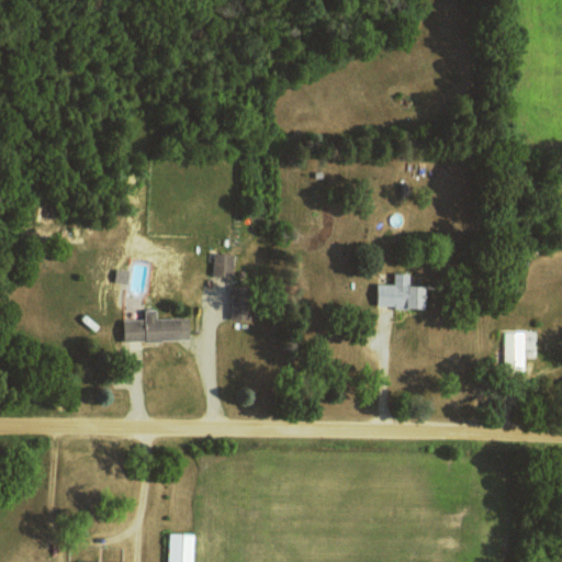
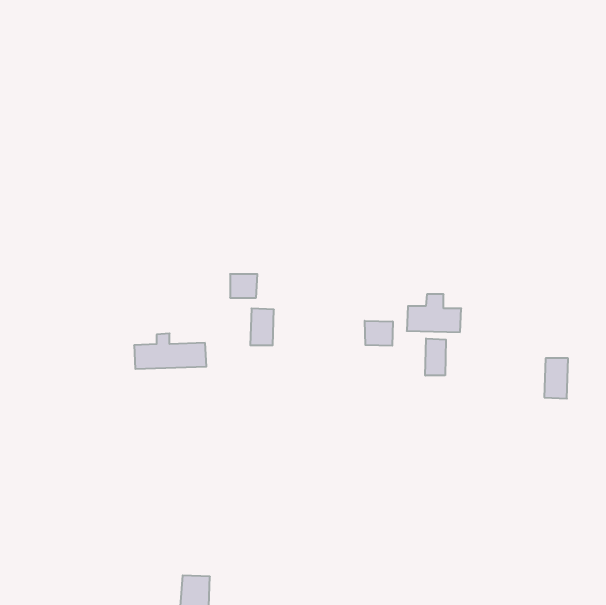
building: none -> [365,321,393,346]
building: none -> [425,338,446,376]

